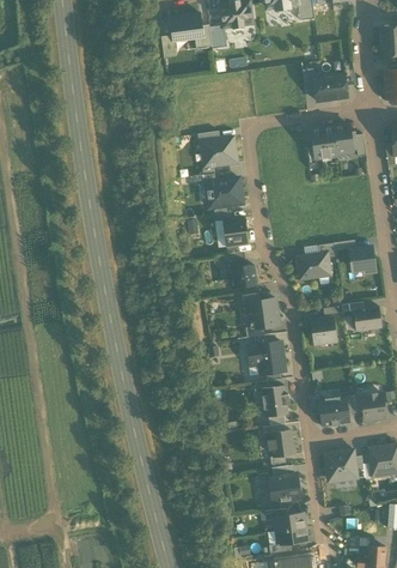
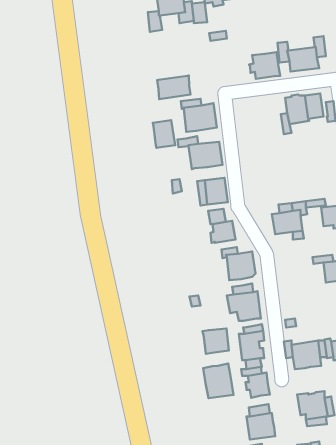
building: none -> [249,52,280,79]
building: none -> [157,76,191,99]
building: none -> [153,120,175,148]
building: [312,318,337,344] -> none
building: none -> [202,328,229,354]
building: none -> [203,363,234,398]

